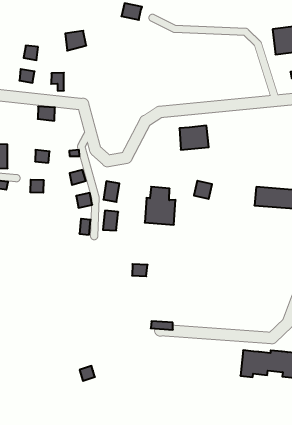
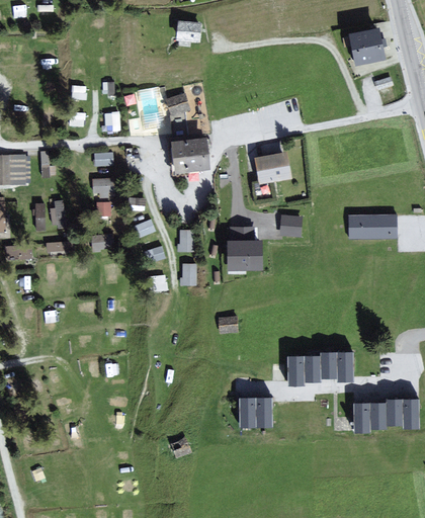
building: [65,31,86,51] -> [165,92,190,116]
building: none -> [171,139,209,172]
building: none -> [92,176,115,194]
building: none -> [288,353,352,384]
building: none -> [240,399,269,427]

